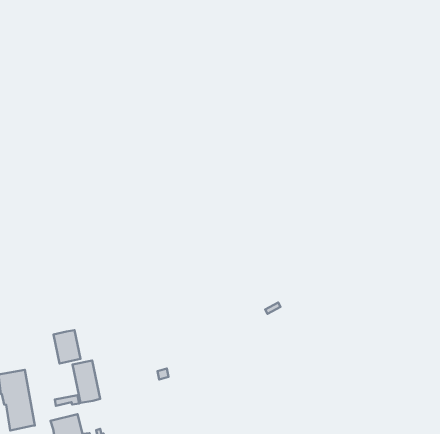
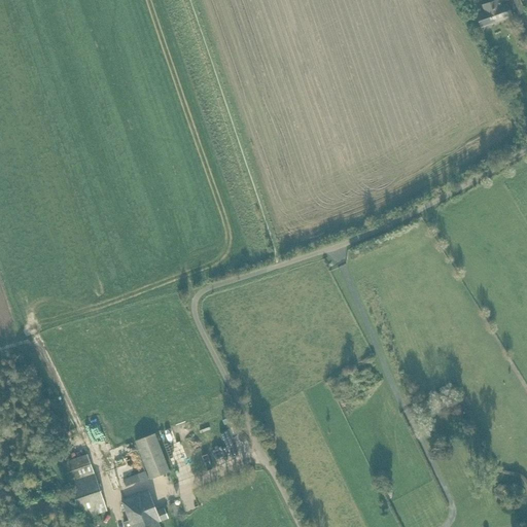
building: [53,330,80,363] -> none

